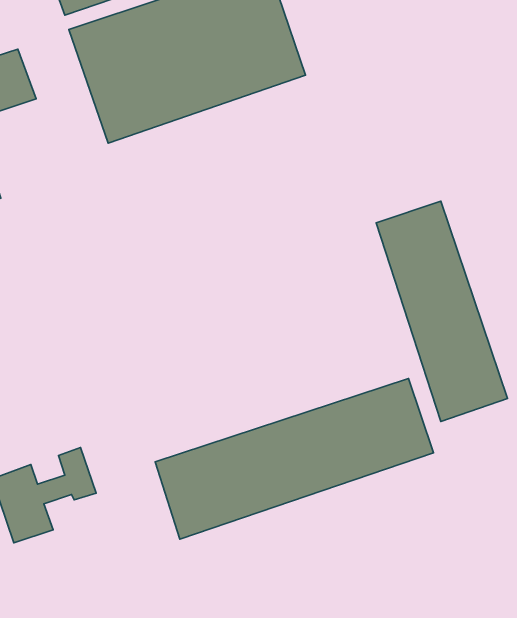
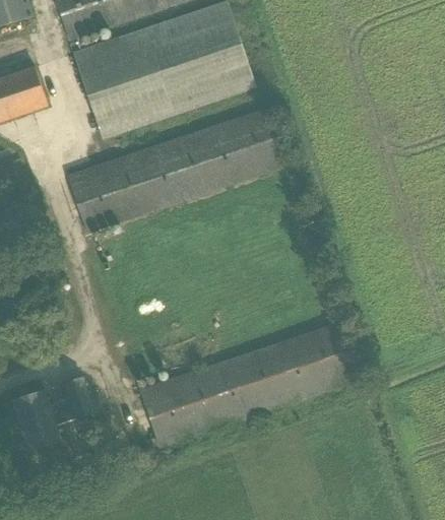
building: none -> [67,107,283,233]
building: [376,201,508,422] -> none

